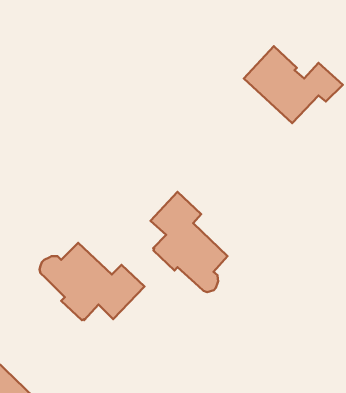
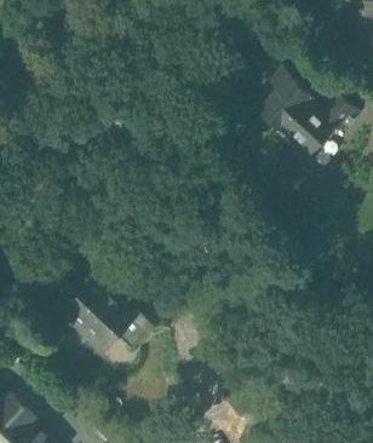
building: [151,192,227,292] -> none

